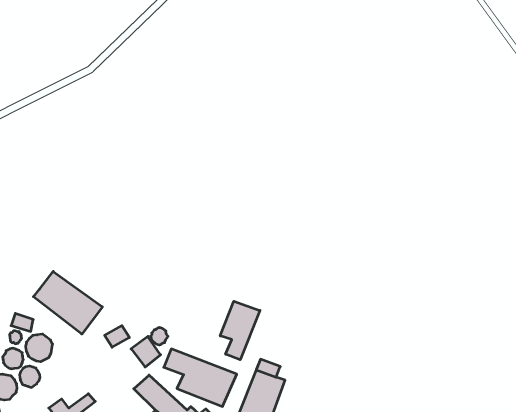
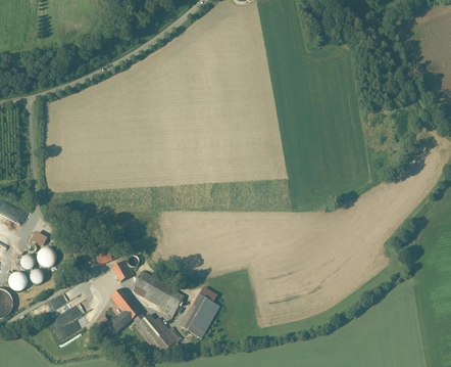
building: [33,271,102,334] -> none
building: [220,301,260,360] -> none

